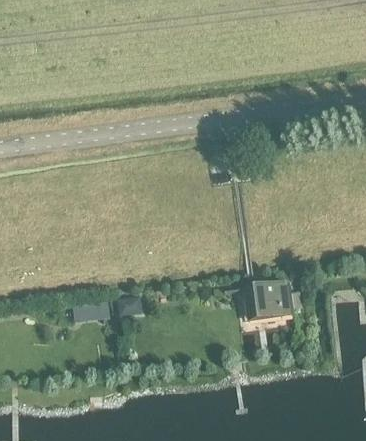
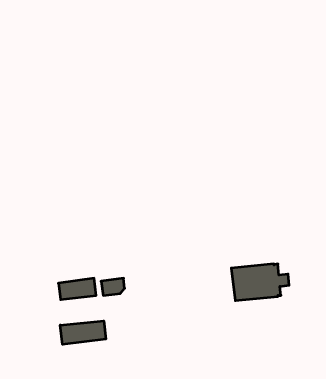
building: none -> [60,321,106,344]

